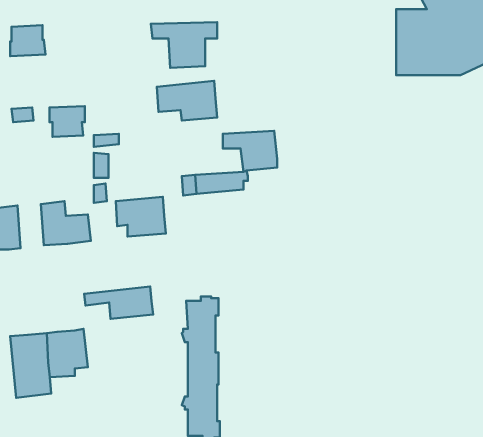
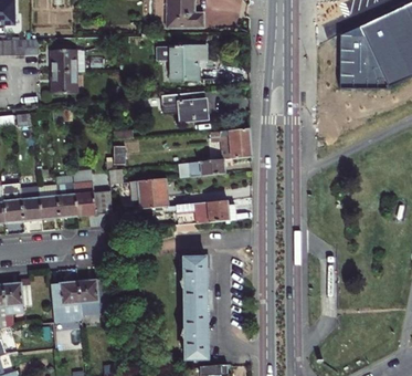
building: [50,106,85,137] -> [51,71,77,94]
building: none -> [56,184,76,217]
building: [84,286,153,319] -> [184,198,236,222]

